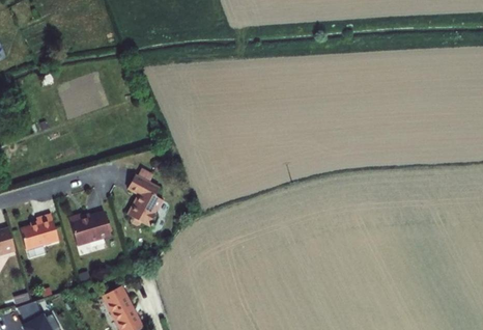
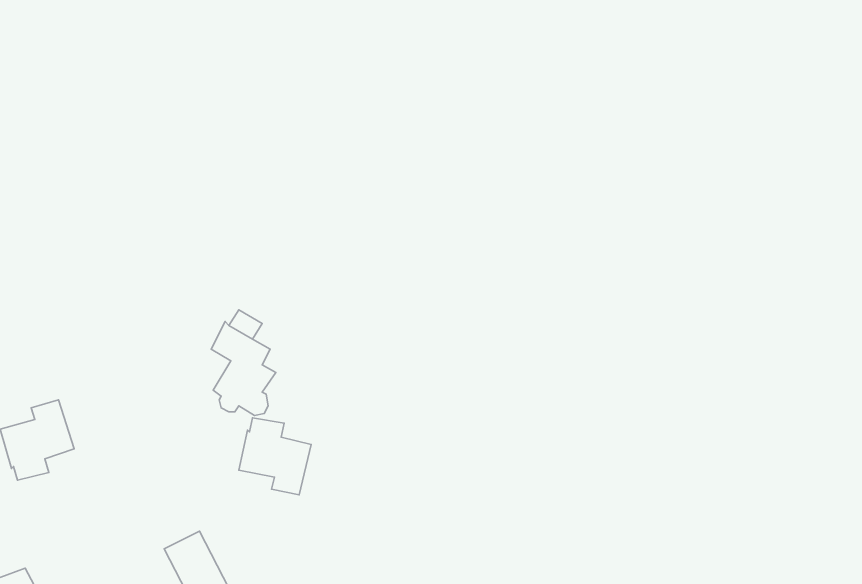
building: [66,213,109,246] -> none
building: none -> [239,418,311,495]

